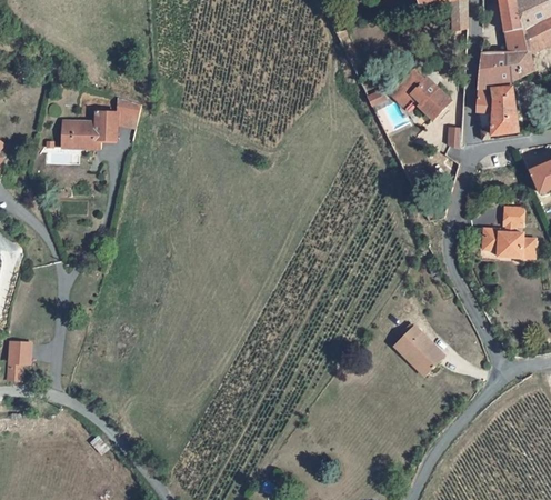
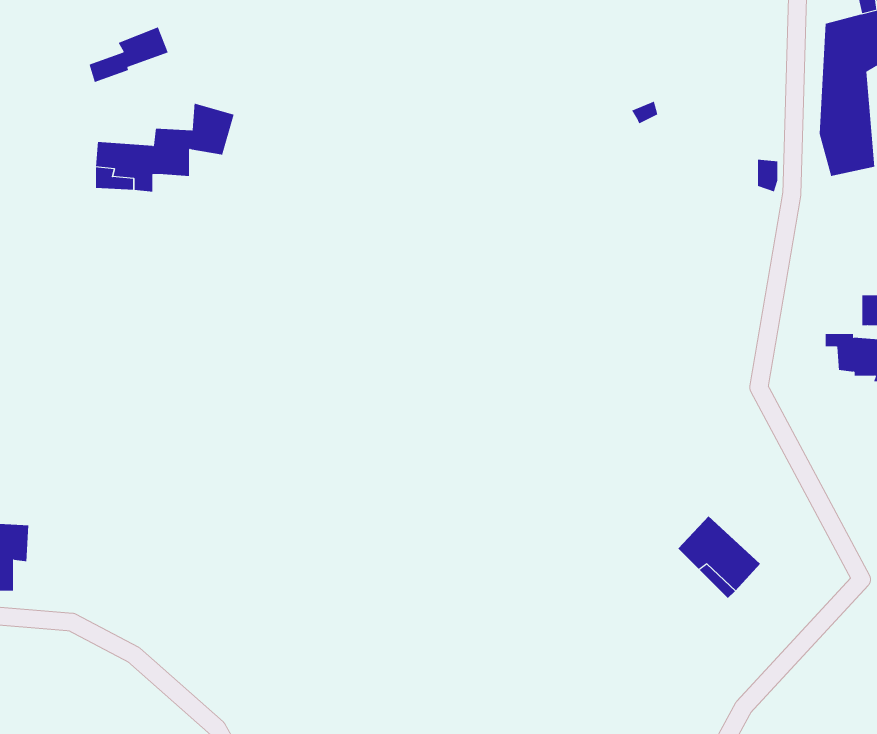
building: none -> [89,26,169,83]
building: [392,76,453,123] -> none

